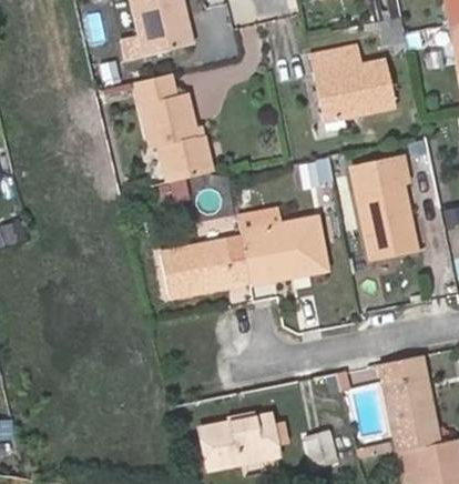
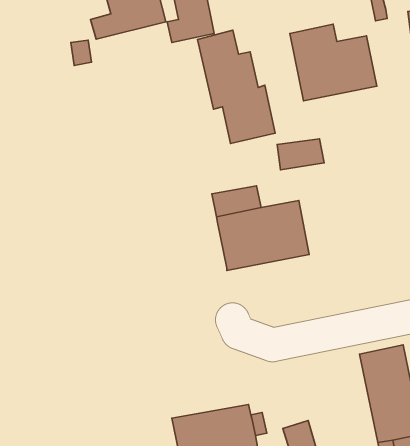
building: [136,71,212,181] -> [197,30,275,144]
building: [351,155,417,260] -> none
building: [161,238,251,298] -> none

